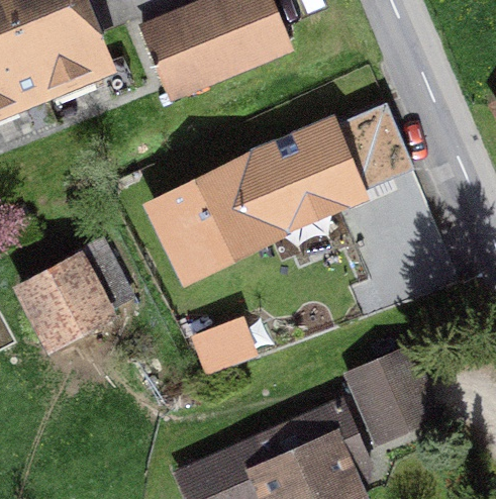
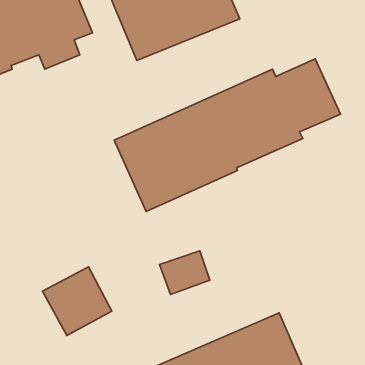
building: [20,259,104,341] -> [42,267,112,336]
building: [354,358,434,438] -> none

